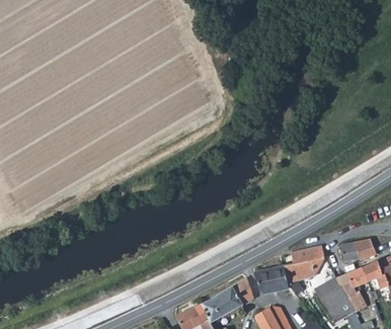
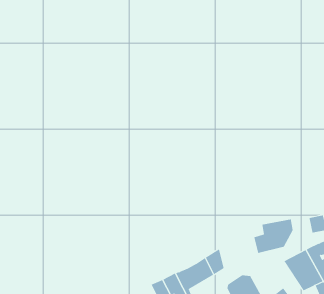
building: [254,265,288,293] -> none

